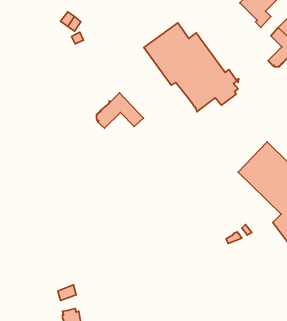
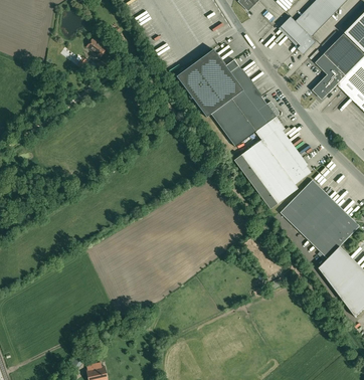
building: [96,93,144,128] -> none
building: none -> [233,128,310,208]

